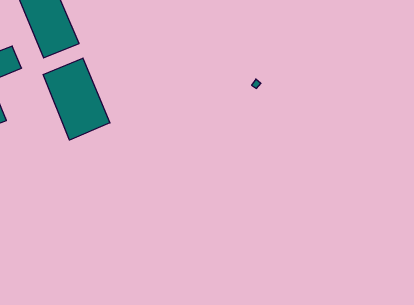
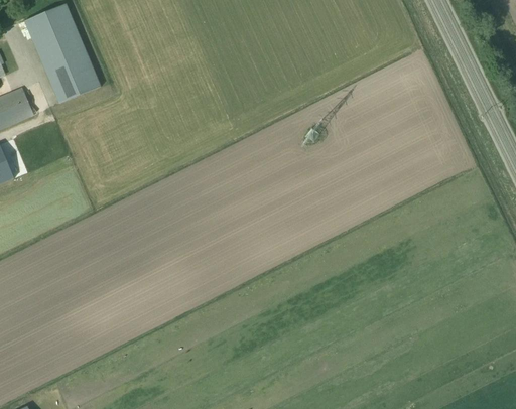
building: [43,58,110,140] -> none

